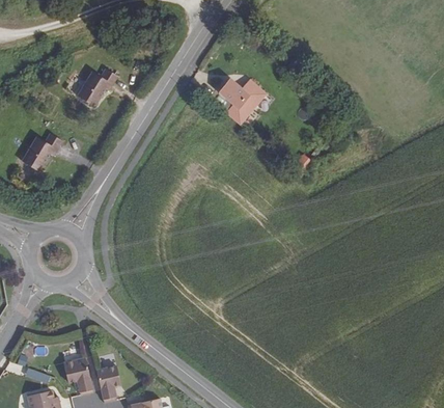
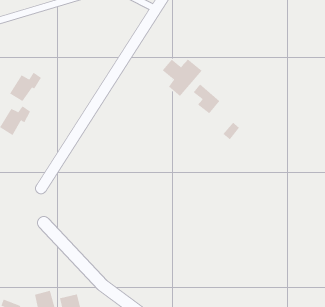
building: [77,70,116,106] -> [9,72,42,102]
building: none -> [193,84,220,114]

